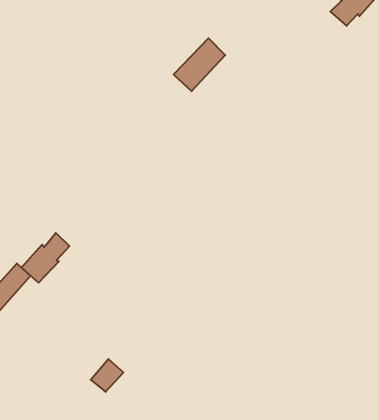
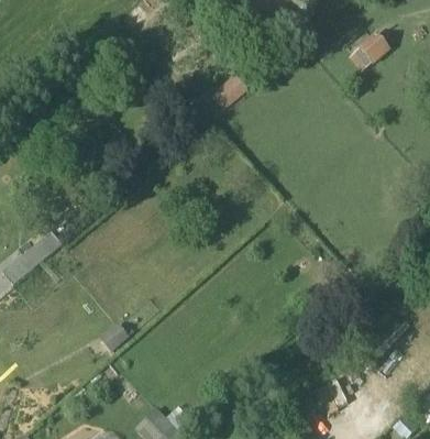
building: [22,233,69,283] -> none

